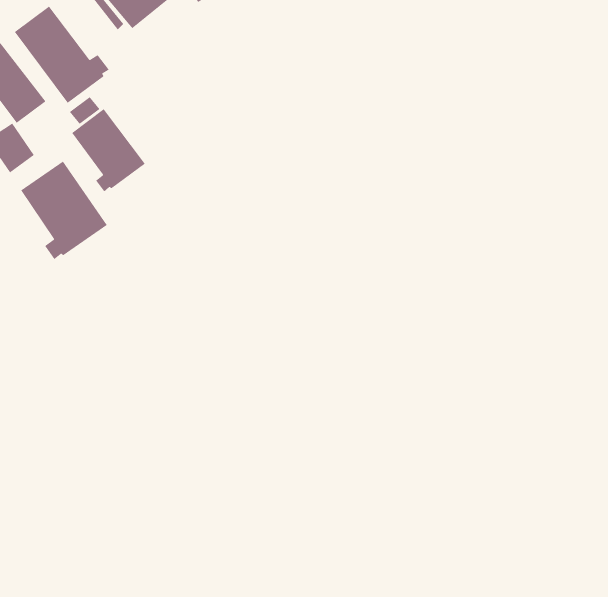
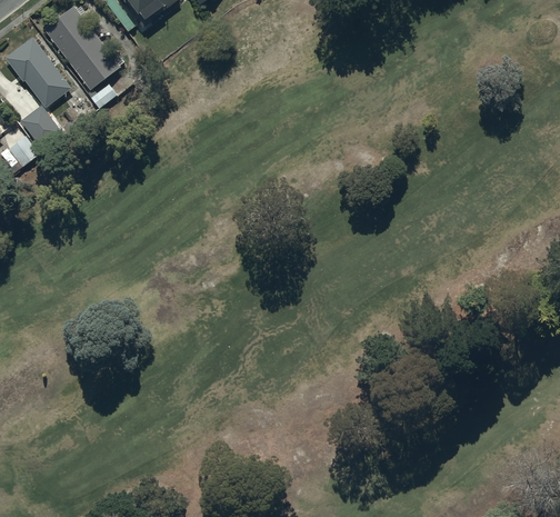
building: [71,108,146,193] -> none
building: [20,160,108,260] -> none

